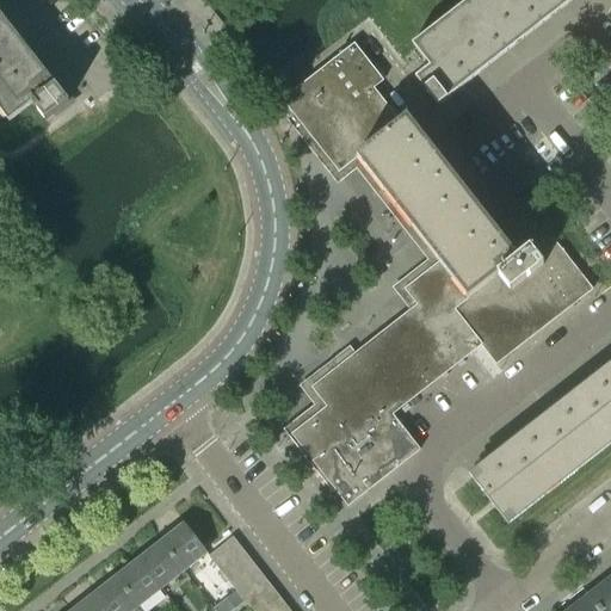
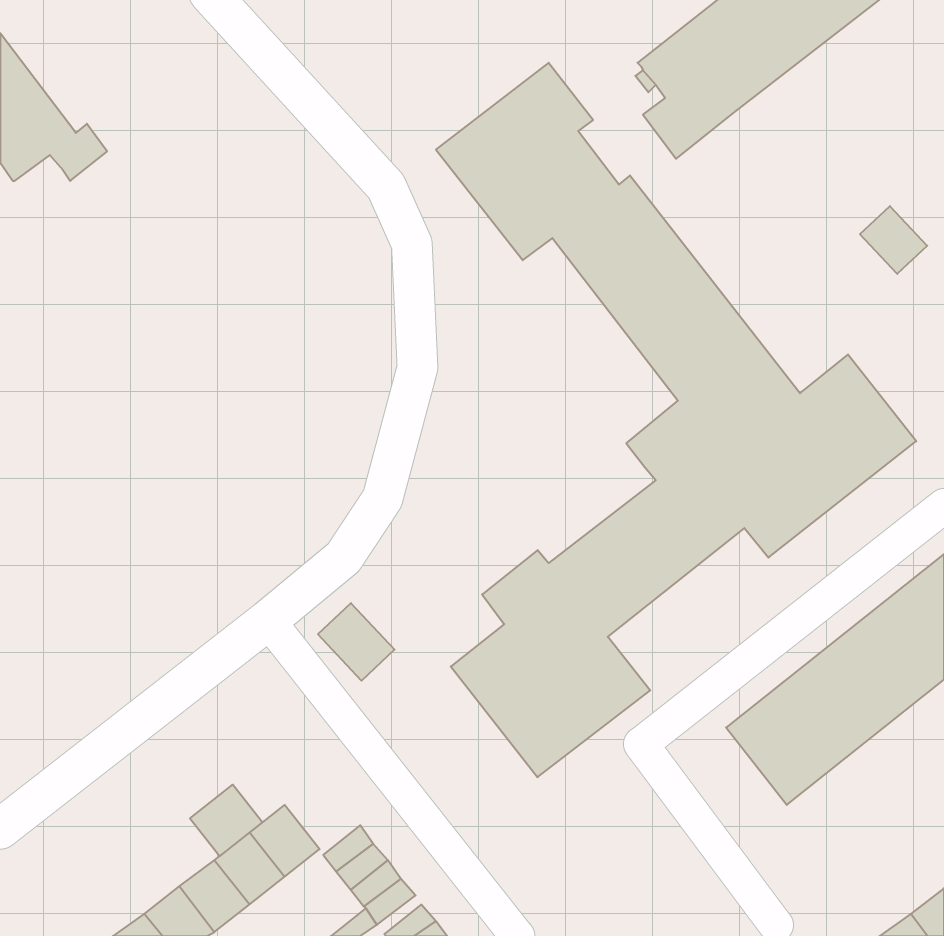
building: none -> [860,206,927,274]
building: none -> [318,603,395,681]
building: none -> [190,785,263,856]

